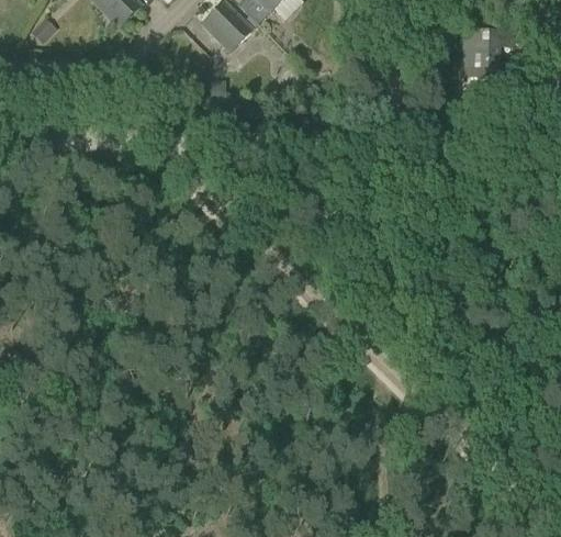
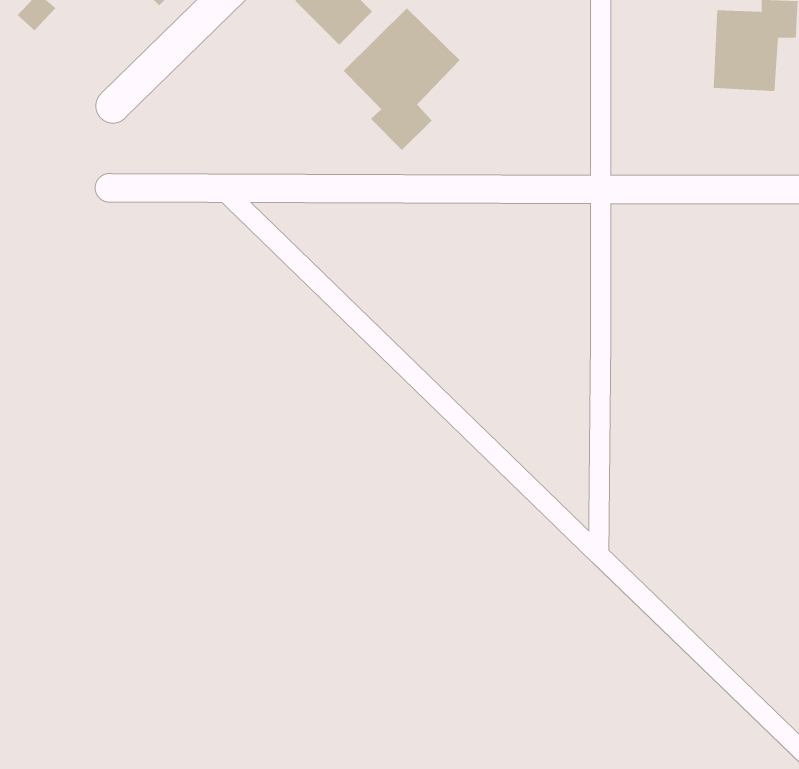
building: none -> [343,7,460,151]

